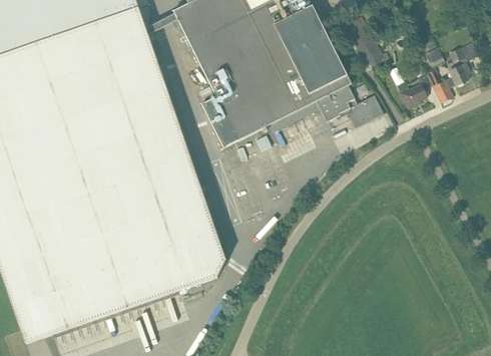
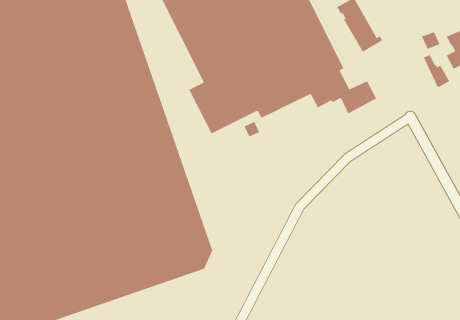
building: [400,83,427,108] -> none

